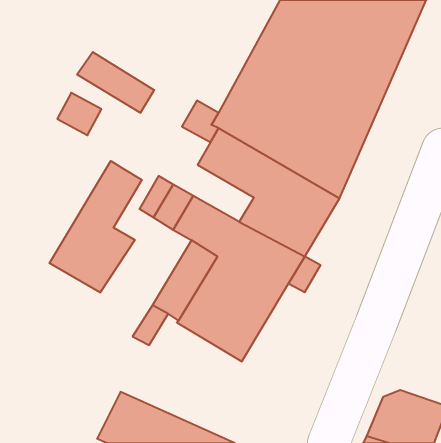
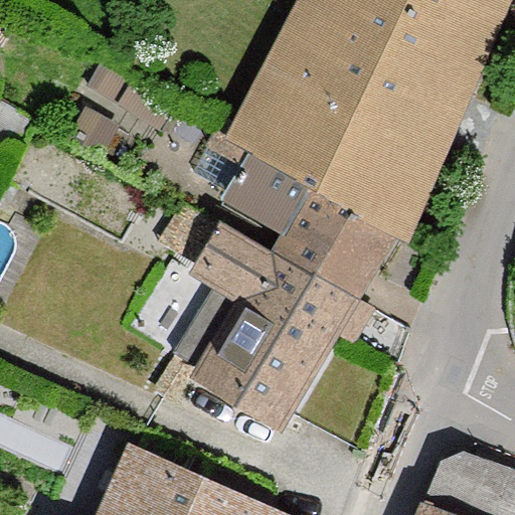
building: [49,161,142,293] -> none

